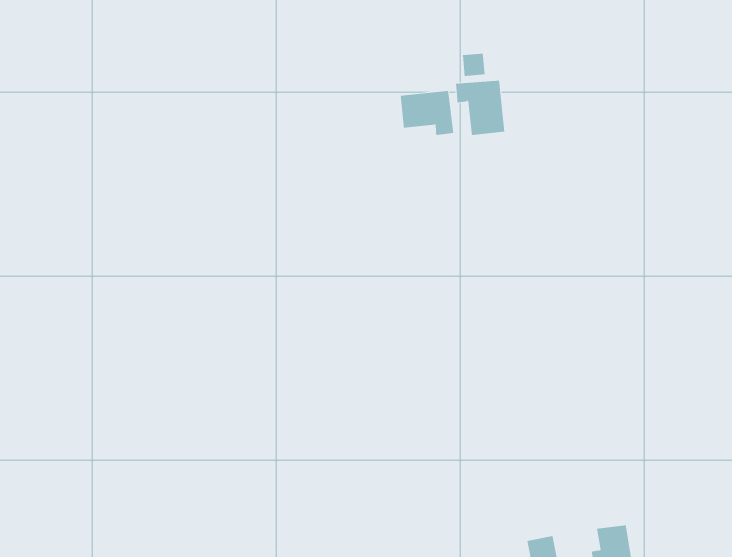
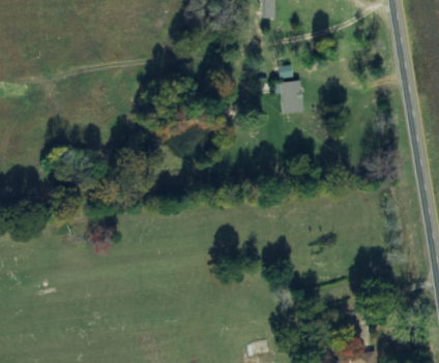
building: [400,90,454,136] -> none

